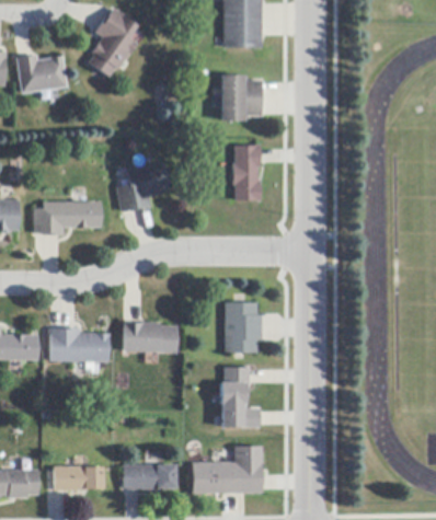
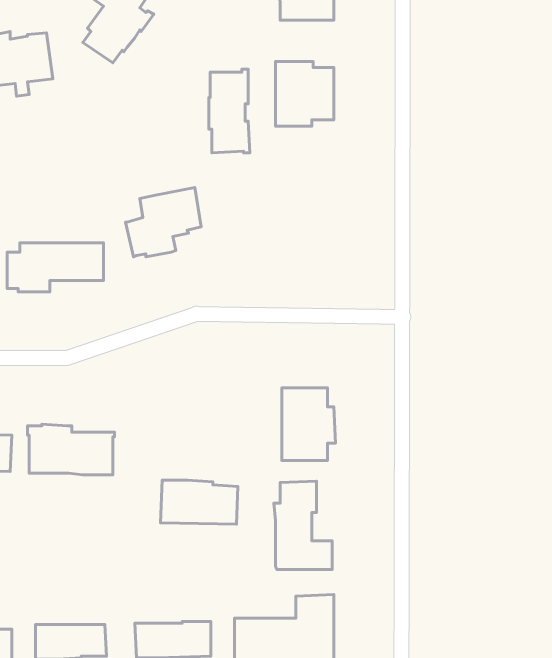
building: [232,143,261,201] -> [209,69,250,153]
building: [123,322,176,353] -> [161,480,238,524]

